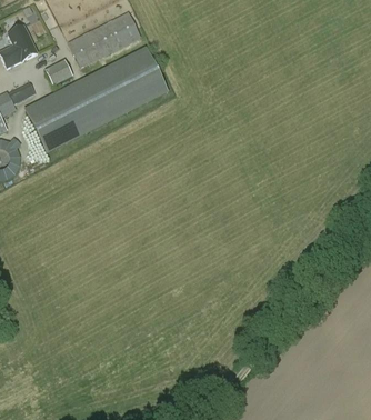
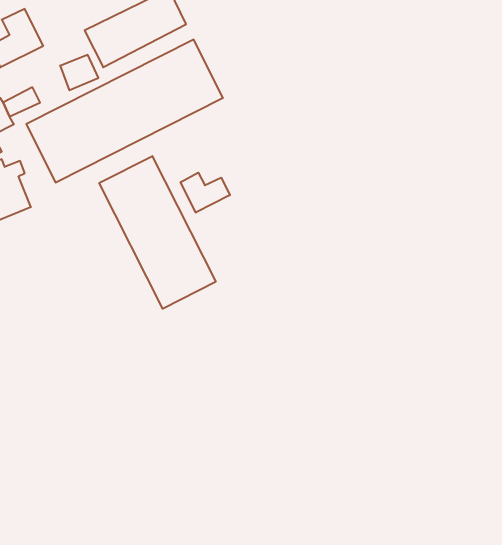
building: none -> [99,156,216,309]
building: none -> [181,173,230,213]

